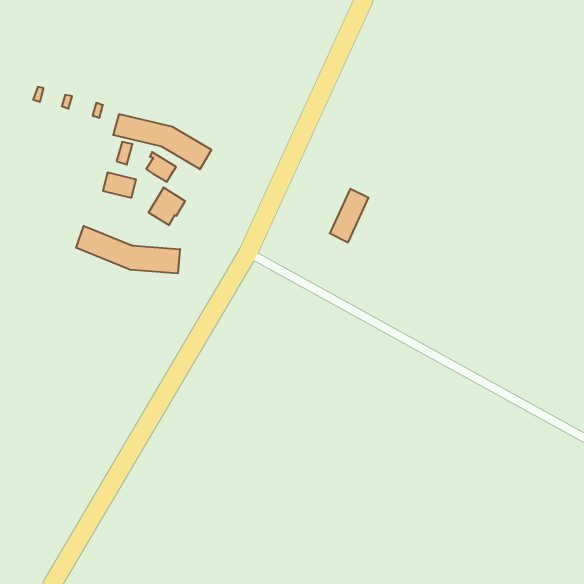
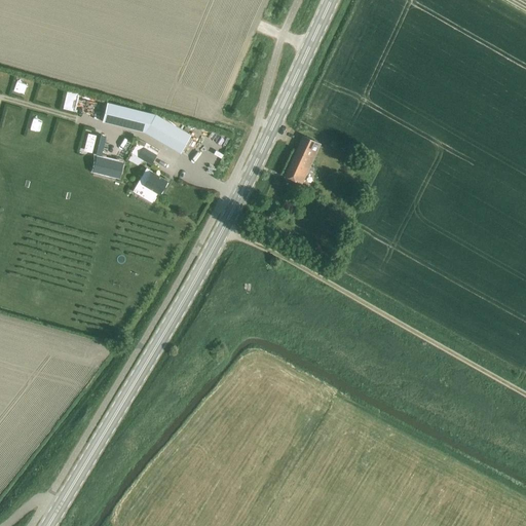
building: [330,189,369,242] -> [285,136,320,184]
building: [76,226,180,273] -> none

